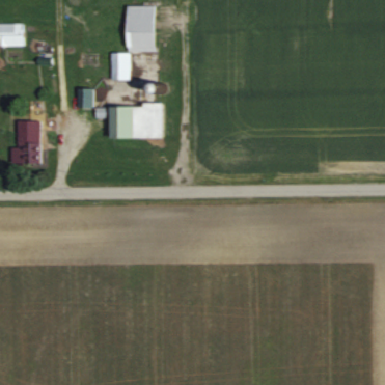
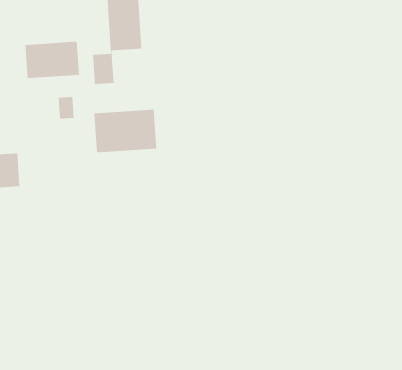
building: none -> [25,41,80,79]

